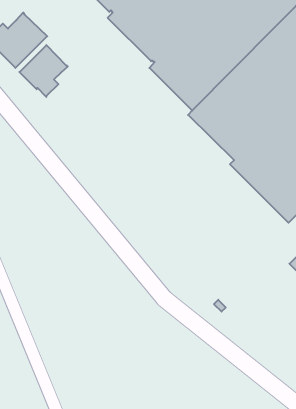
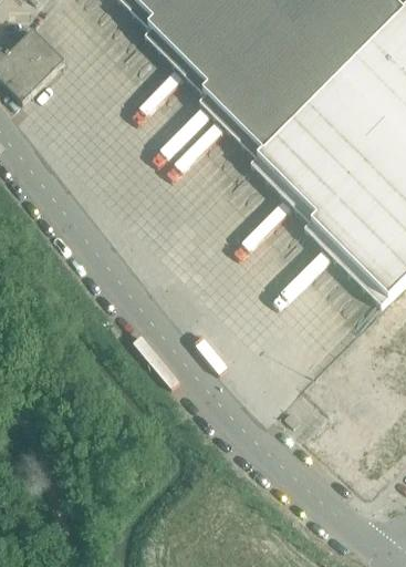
building: [19,45,67,97] -> none

